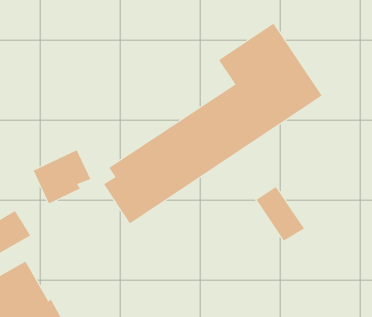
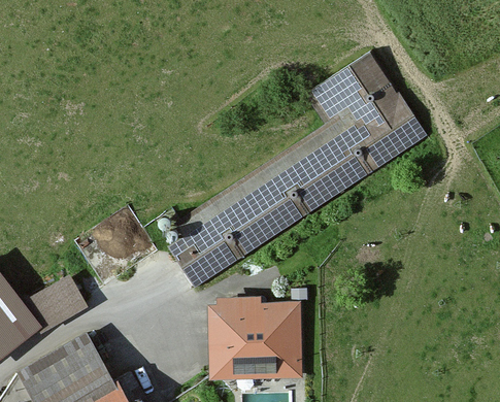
building: [256,186,305,241] -> none
building: none -> [203,296,303,379]

